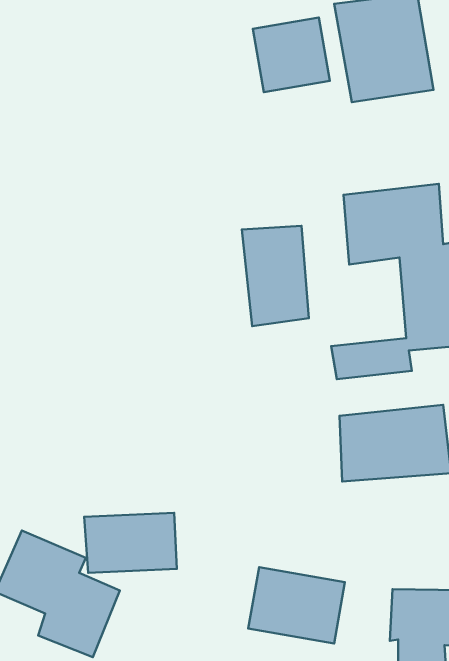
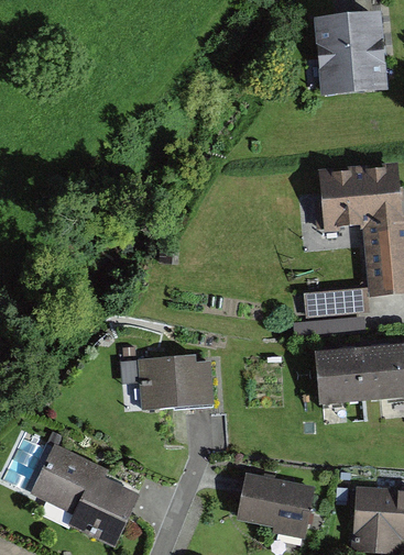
building: [253,18,330,92] -> none
building: [242,226,309,326] -> none
building: [84,513,177,573] -> [140,360,215,409]

